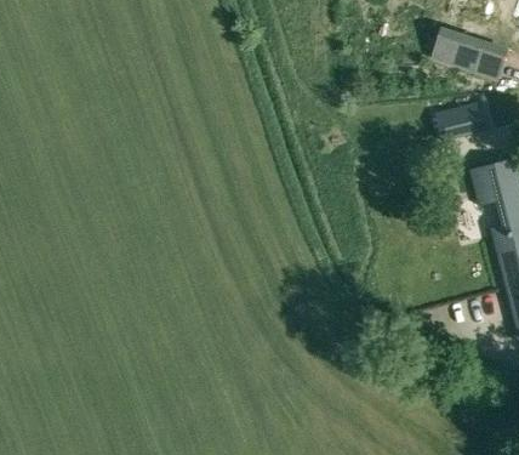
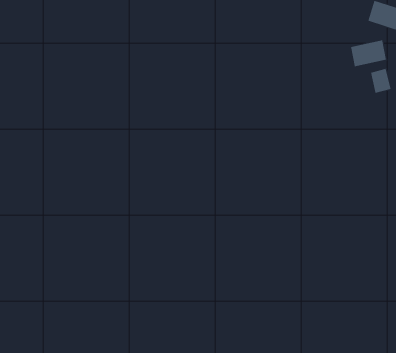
building: none -> [350,39,387,67]

